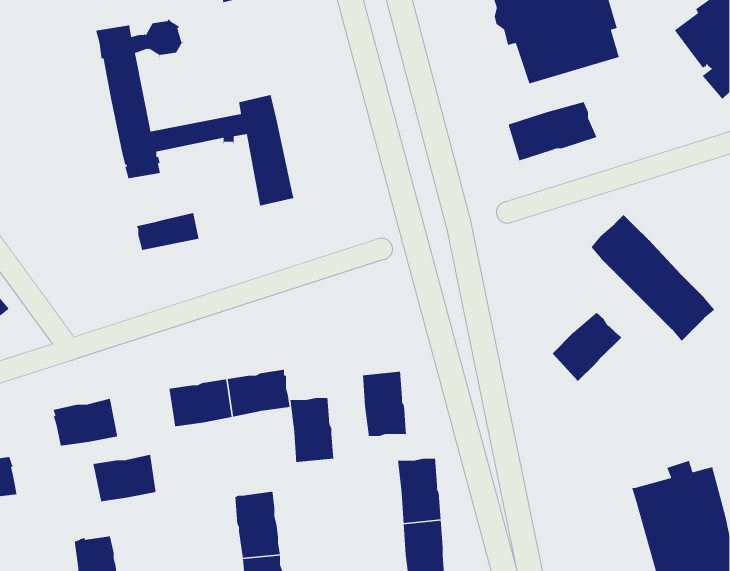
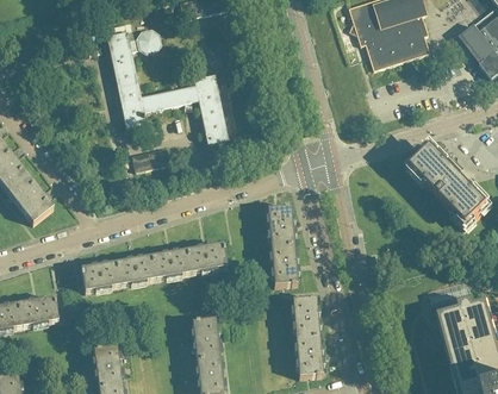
building: [508,101,598,161] -> none
building: [552,312,622,382] -> none
building: [290,397,334,463] -> [267,206,294,246]
building: [93,454,157,502] -> [116,255,155,284]

